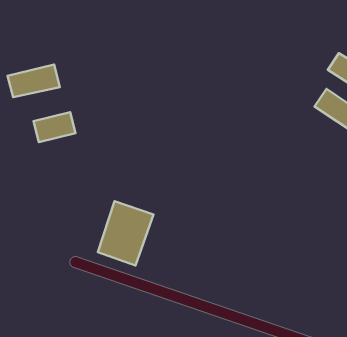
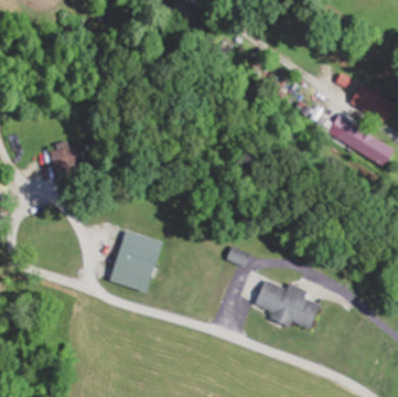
building: [8,65,60,97] -> none
building: none -> [259,279,308,328]

